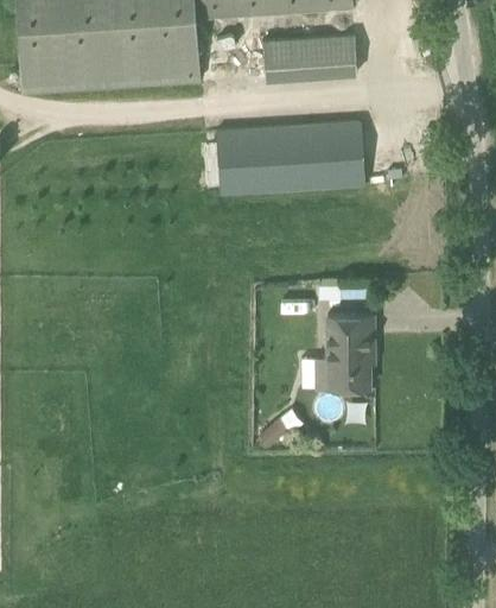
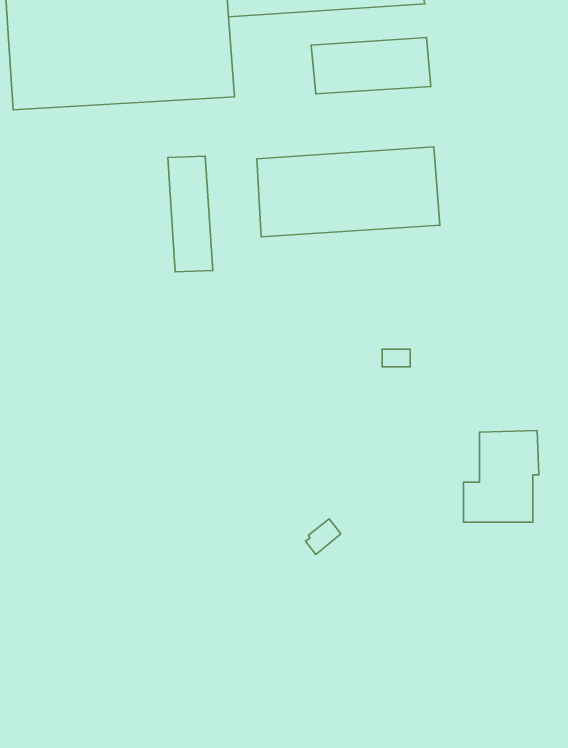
building: none -> [168,156,213,272]
building: [314,314,375,387] -> [463,431,539,522]

